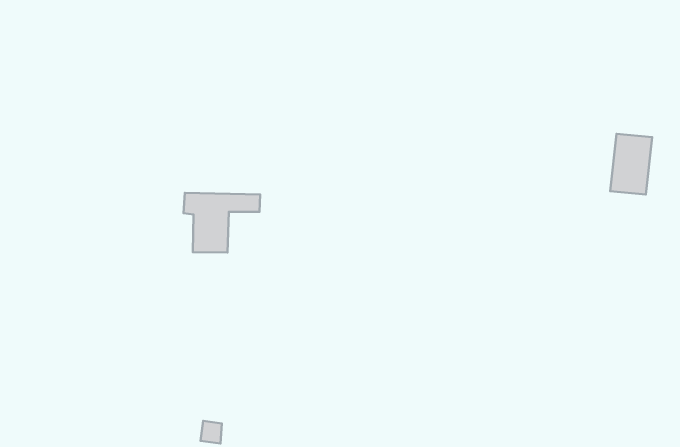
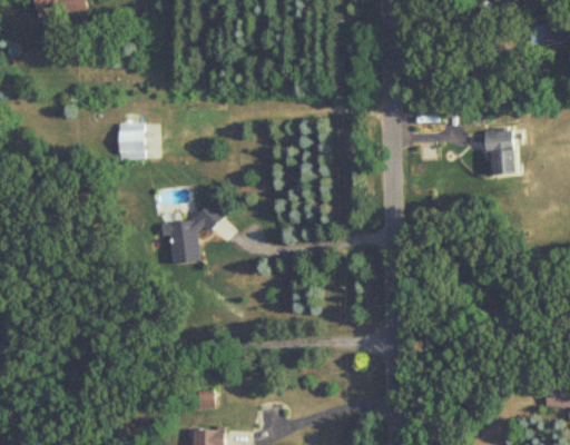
building: none -> [119,123,145,160]

